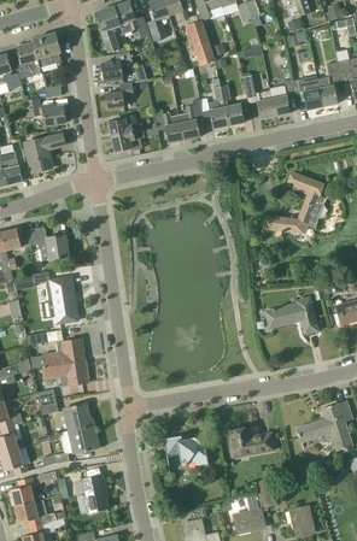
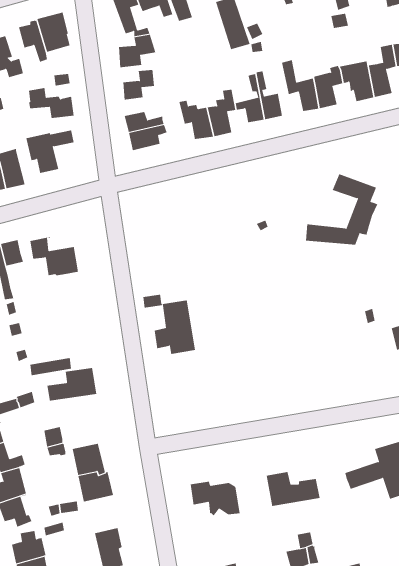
building: [33,271,78,323] -> [143,294,196,355]
building: [265,295,317,333] -> none
building: [43,360,88,386] -> none

